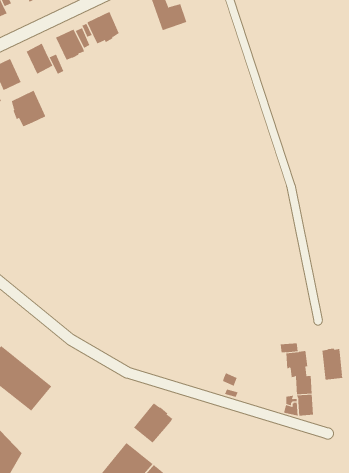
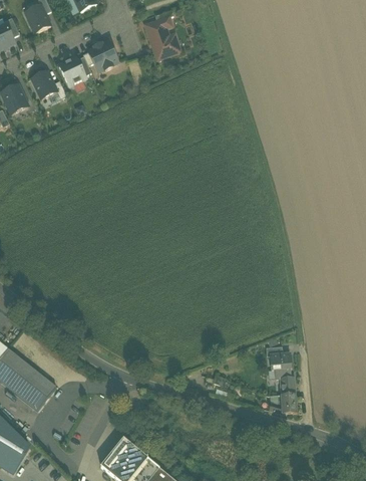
building: [11,90,46,127] -> none
building: [322,348,343,380] -> none
building: [133,403,173,444] -> none

